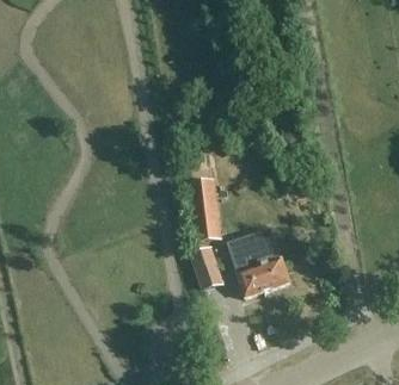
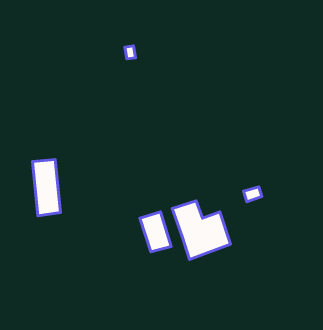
building: [190,179,221,241] -> [32,159,60,216]

